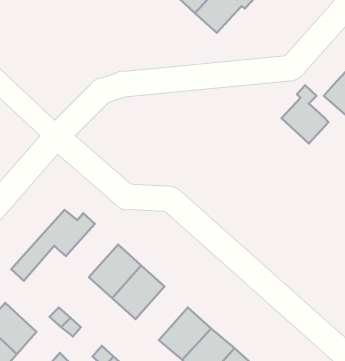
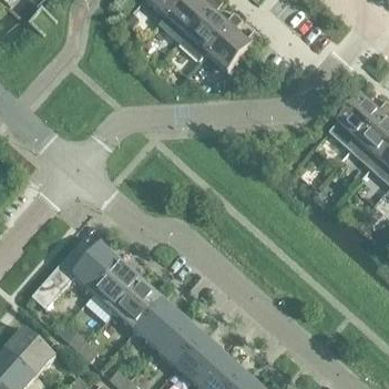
building: [282,85,328,144] -> none
building: none -> [83,253,133,304]
building: none -> [150,313,199,364]

